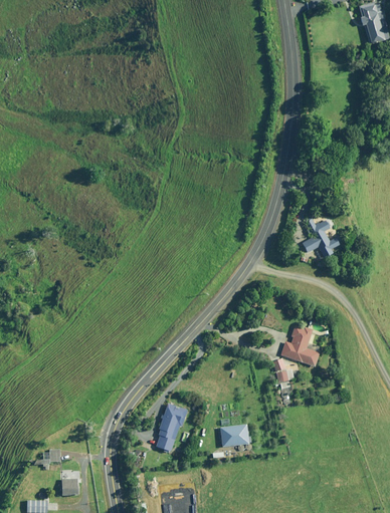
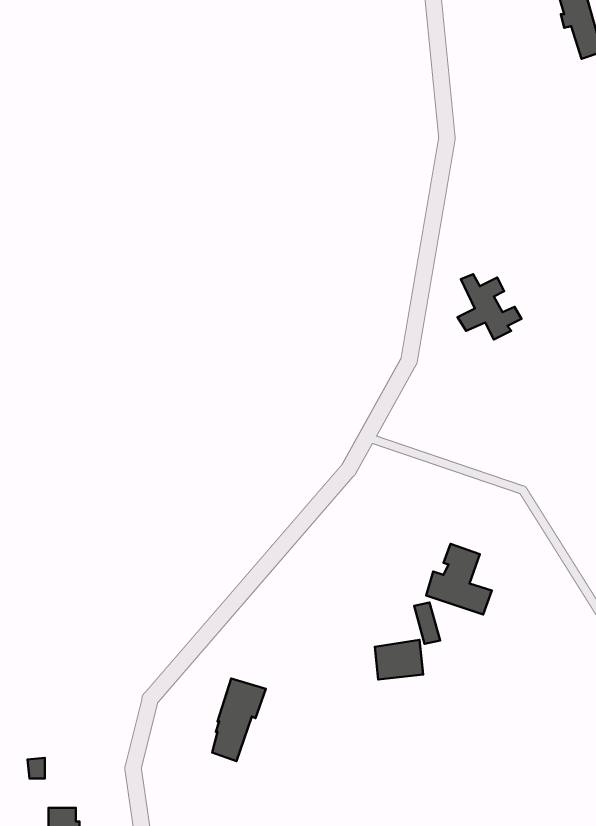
building: [303,218,340,256] -> [458,274,521,340]
building: [220,423,248,446] -> [375,640,423,680]

